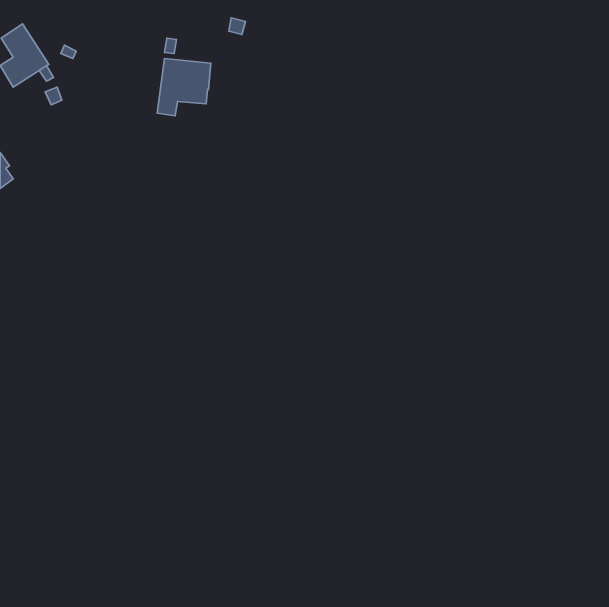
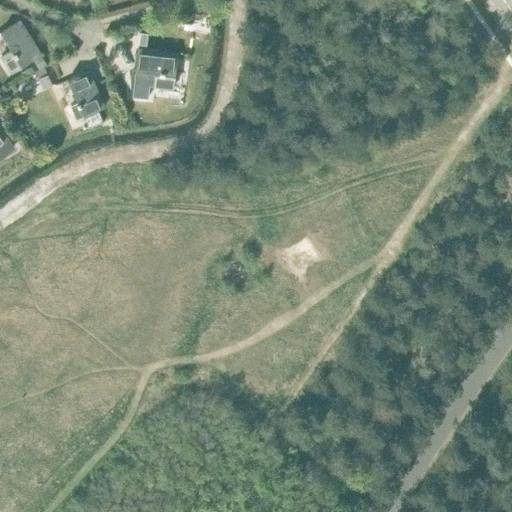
building: none -> [68,73,104,120]

